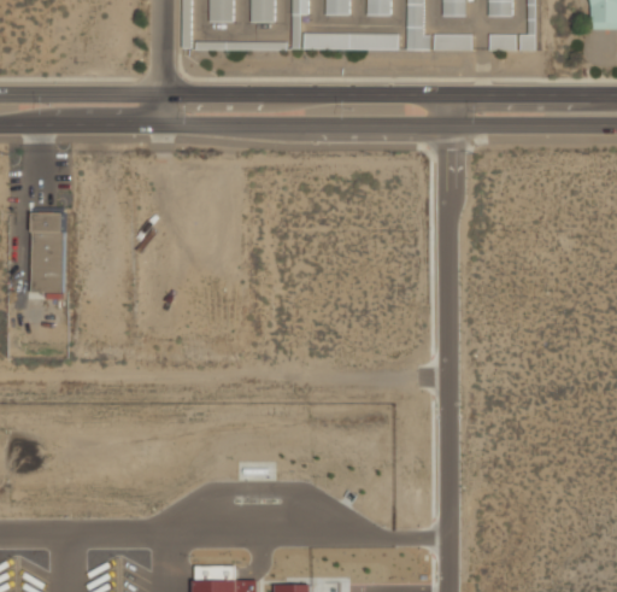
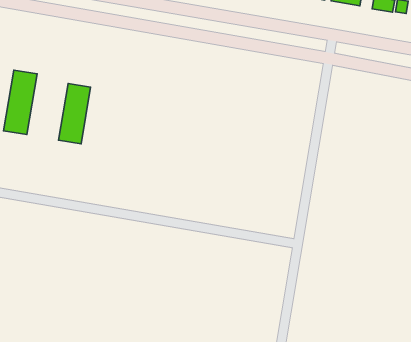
building: none -> [59,83,91,144]

